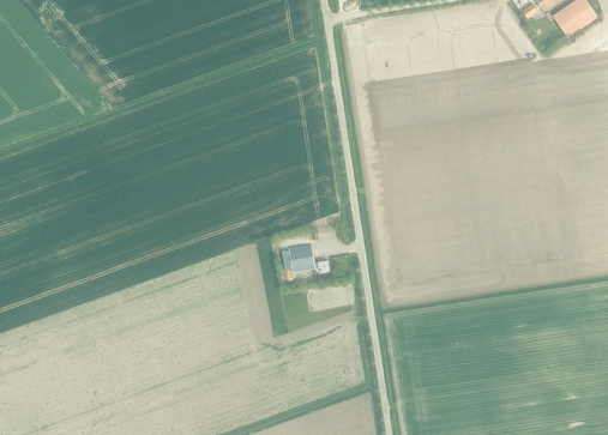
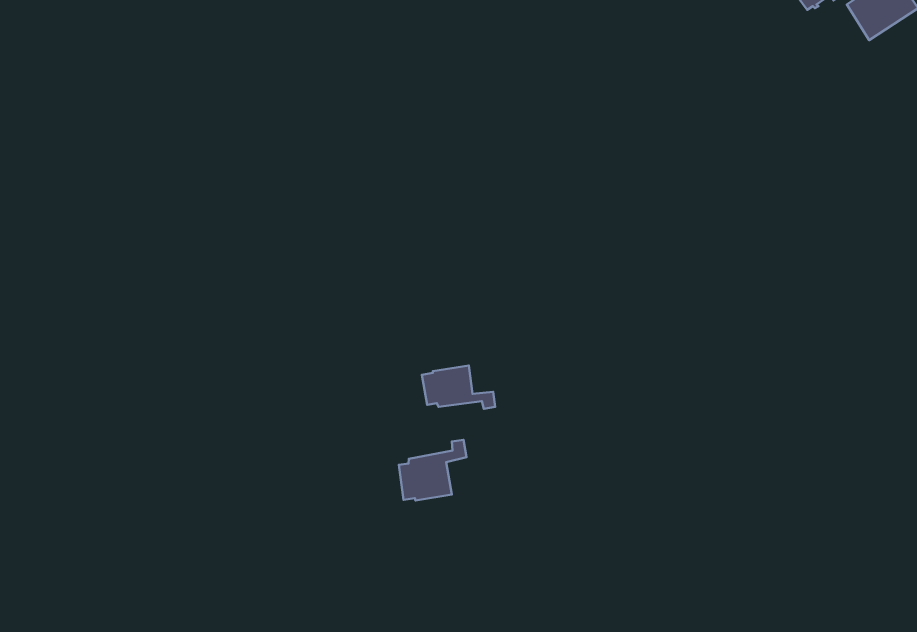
building: none -> [399,440,467,500]

